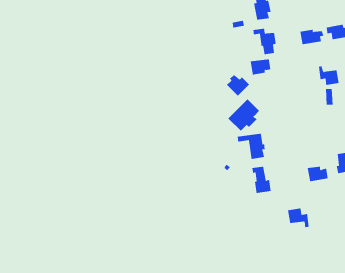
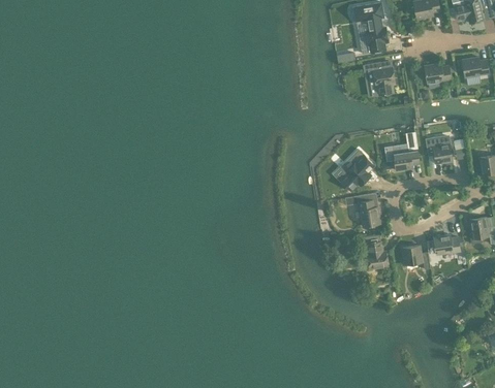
building: [250,59,271,75] -> [392,149,419,169]
building: [318,66,340,86] -> [425,137,452,162]
building: [226,74,250,96] -> none
building: [287,208,309,228] -> [401,244,429,268]

